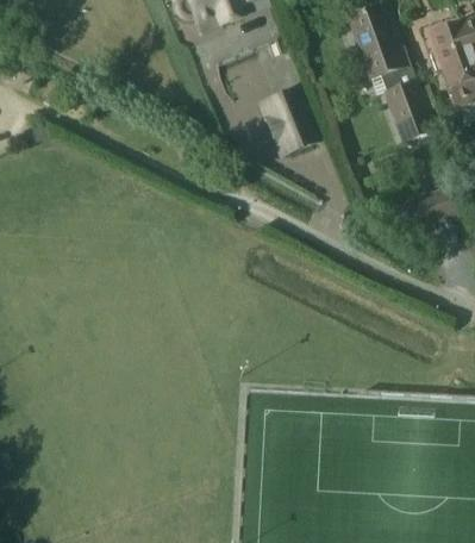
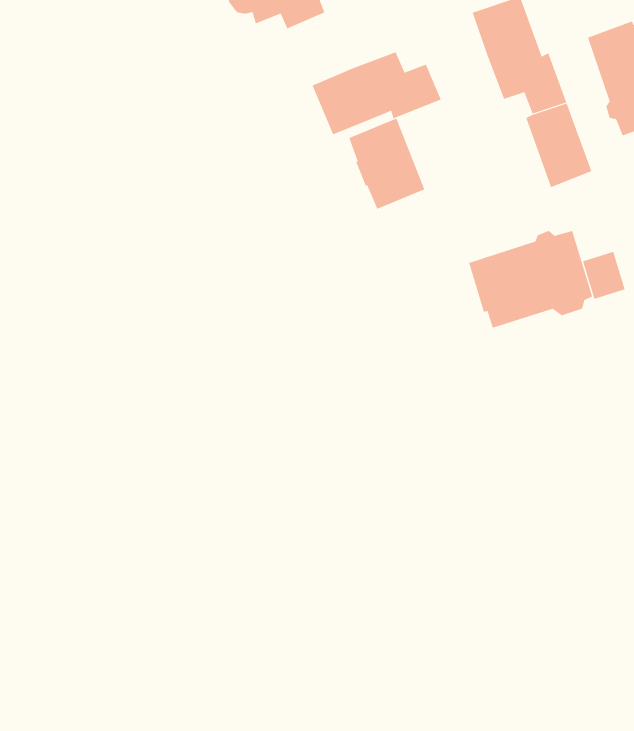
building: none -> [312,51,442,135]
building: none -> [469,230,593,328]

